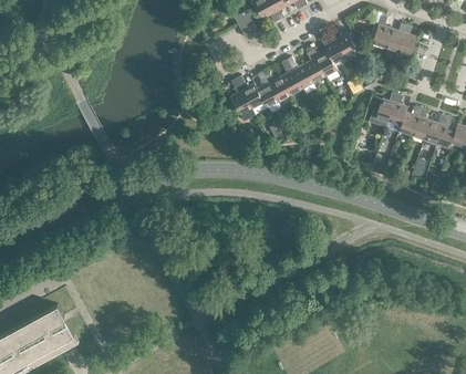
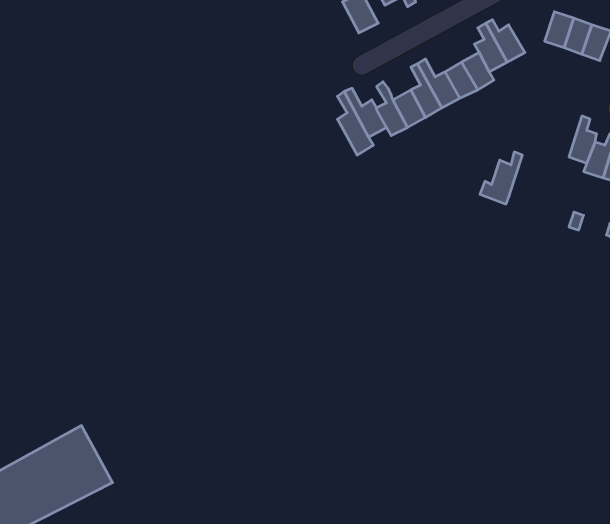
building: [369,92,397,127] -> [480,152,522,204]

